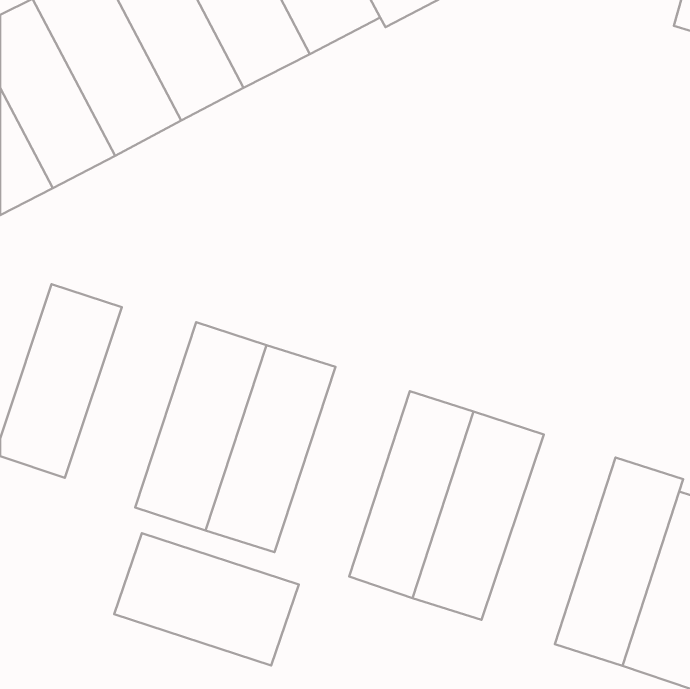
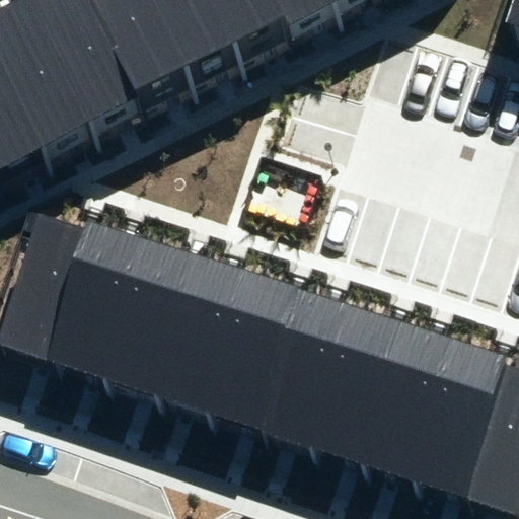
building: none -> [49,223,148,380]
building: none -> [207,275,308,432]
building: none -> [362,325,462,483]
building: [114,533,299,666] -> none

